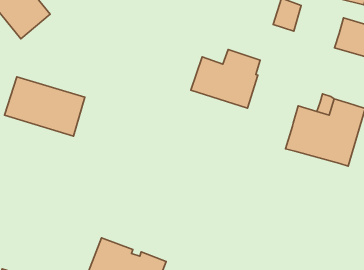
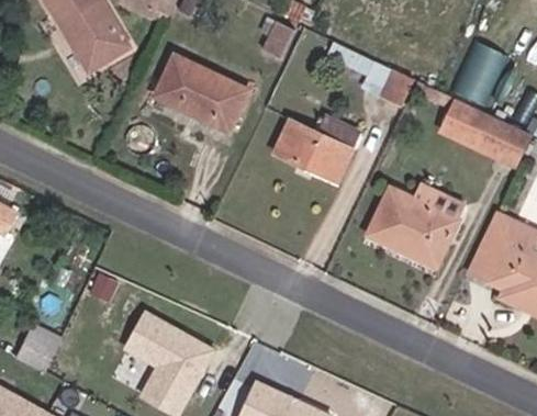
building: [4,77,85,136] -> [158,56,251,133]

